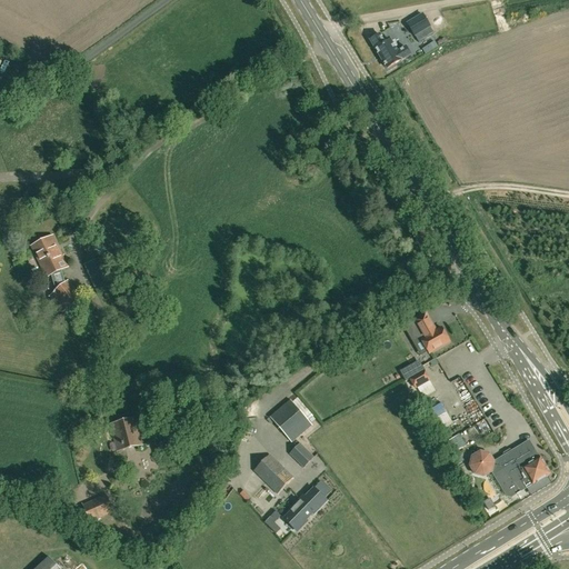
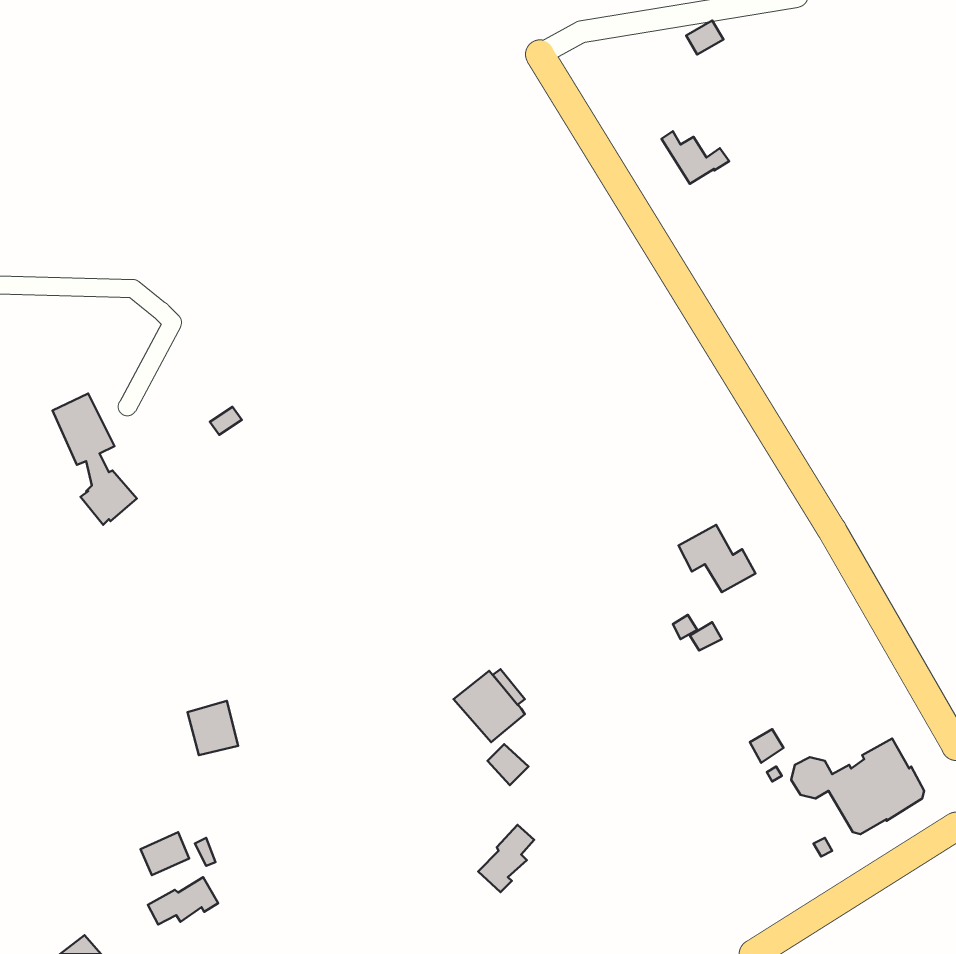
building: [370,34,410,66] -> [662,131,729,184]
building: [253,452,292,492] -> none
building: none -> [148,877,218,925]

